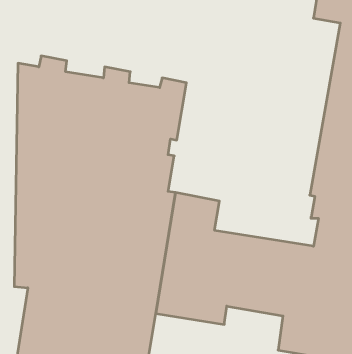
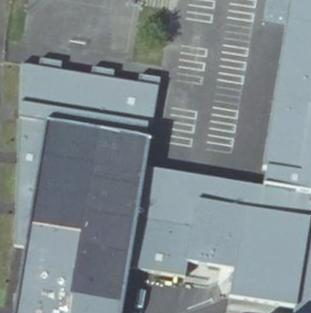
building: none -> [179,174,264,211]

